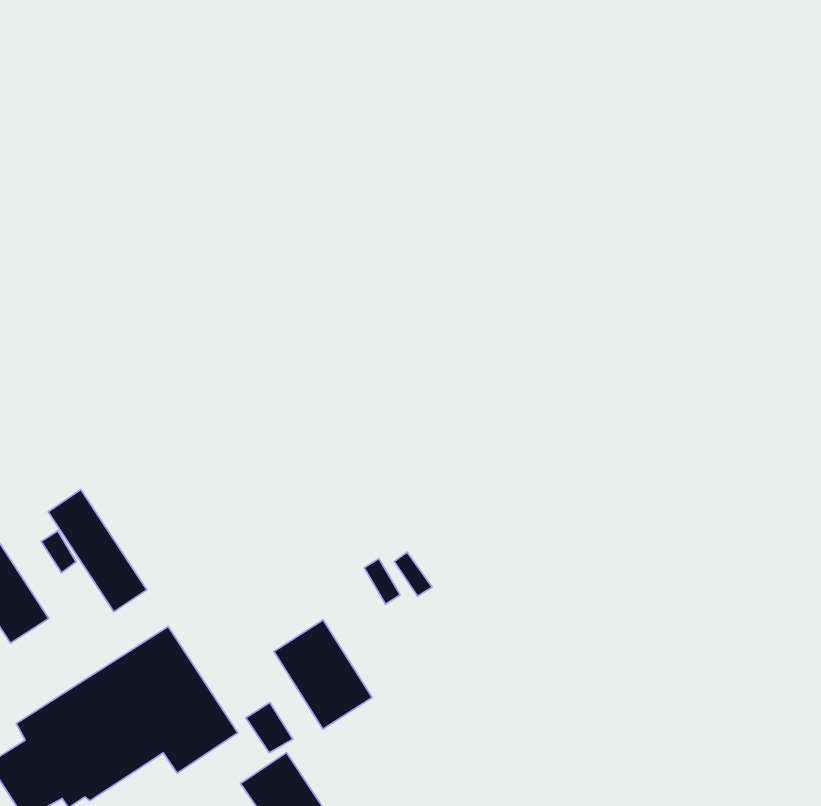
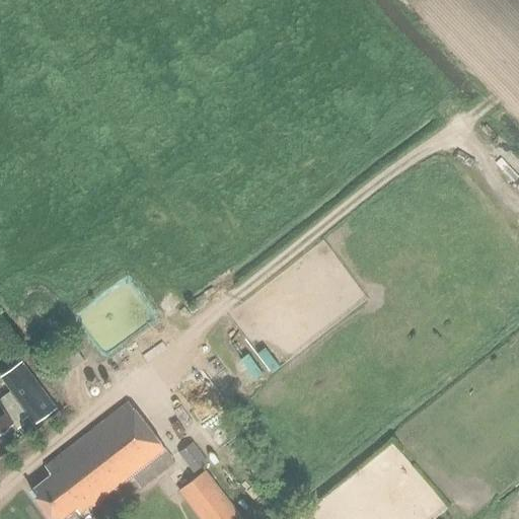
building: [48,490,147,612] -> none
building: [274,620,372,729] -> none

